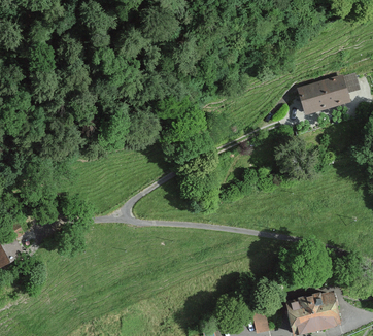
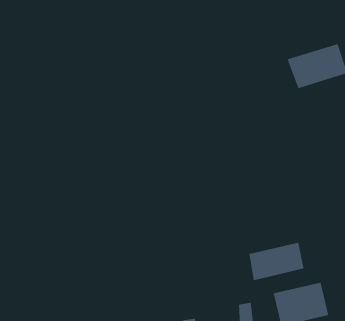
building: none -> [249,242,305,281]

